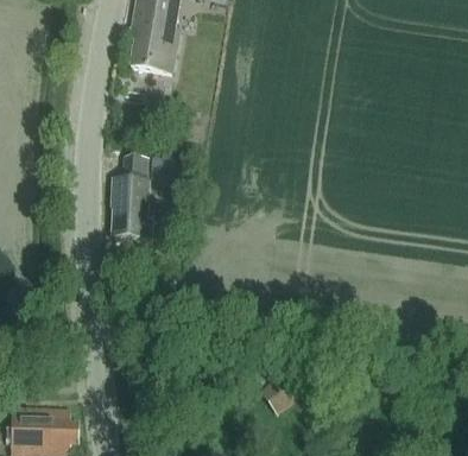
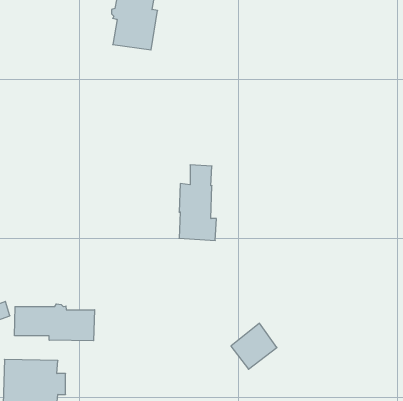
building: [112,157,152,239] -> [179,165,216,240]
building: none -> [15,304,95,341]

